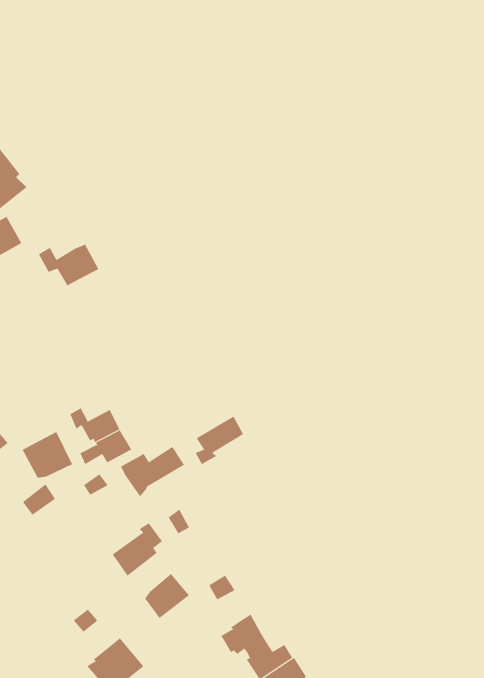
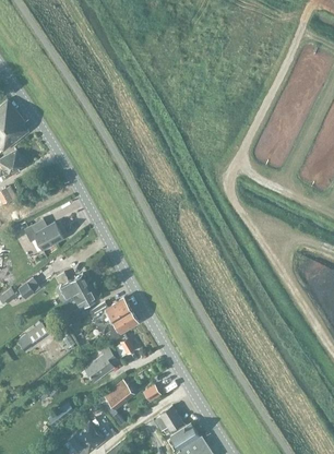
building: [38,244,99,286] -> [23,223,62,250]
building: [195,416,244,465] -> [105,310,136,342]
building: [22,431,73,478] -> none

